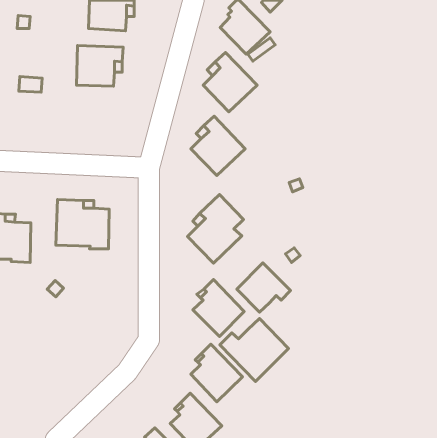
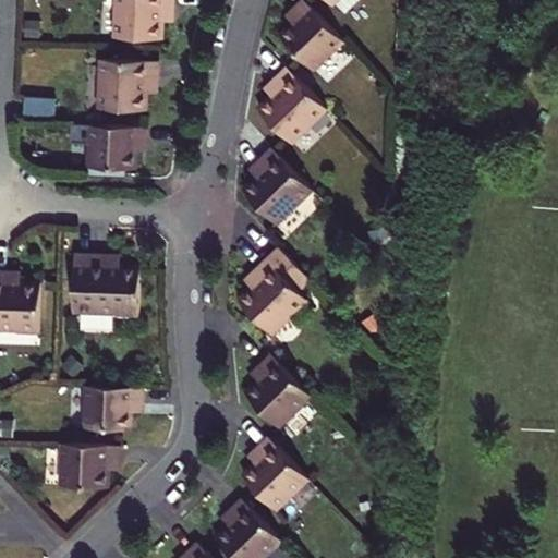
building: none -> [86,126,145,170]
building: [237,263,291,312] -> none
building: none -> [82,387,141,430]
building: [220,319,289,382] -> none
building: none -> [59,445,118,488]

